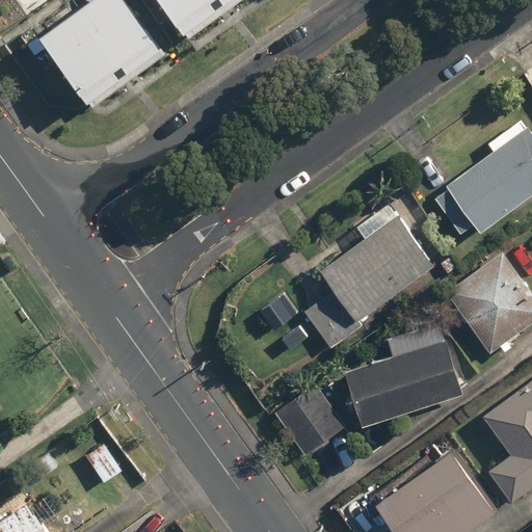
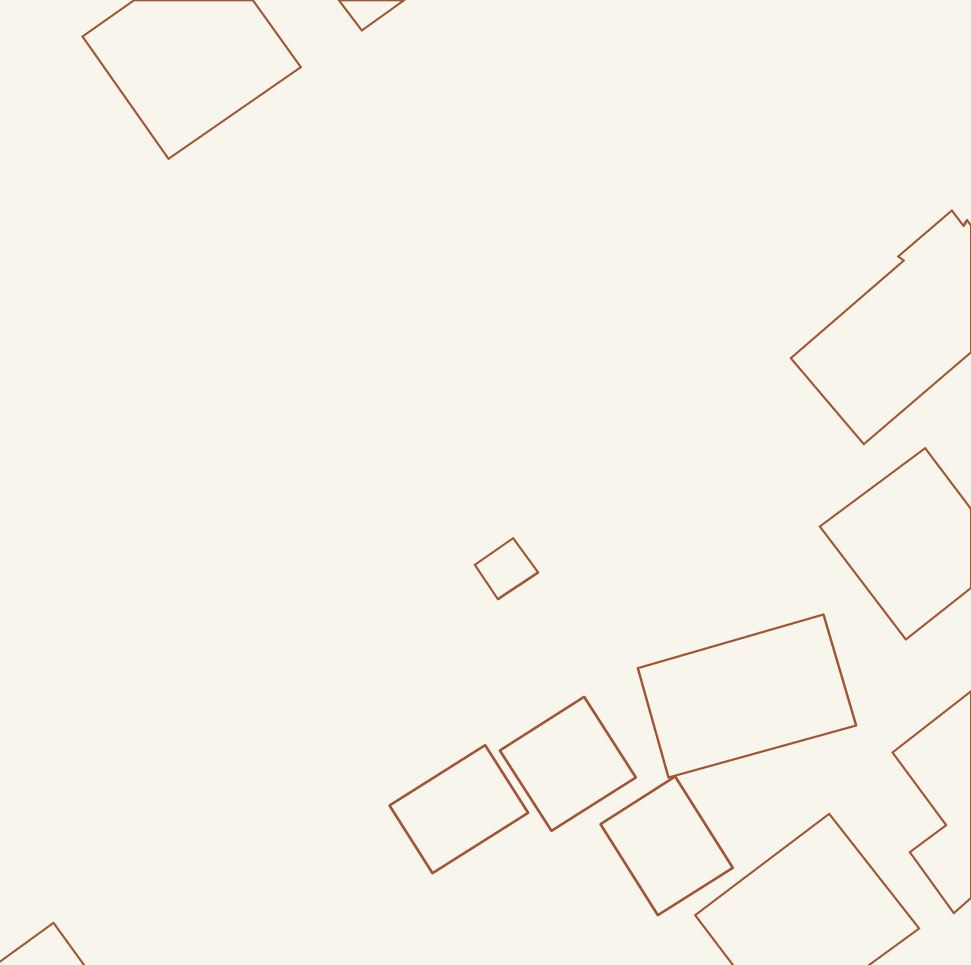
building: [302,214,434,353] -> none
building: none -> [389,745,528,873]
building: none -> [600,777,733,915]

